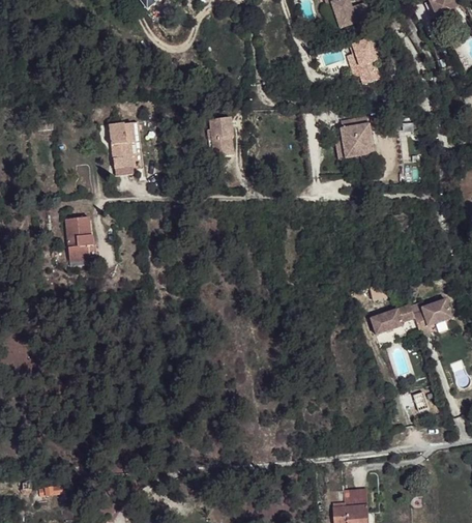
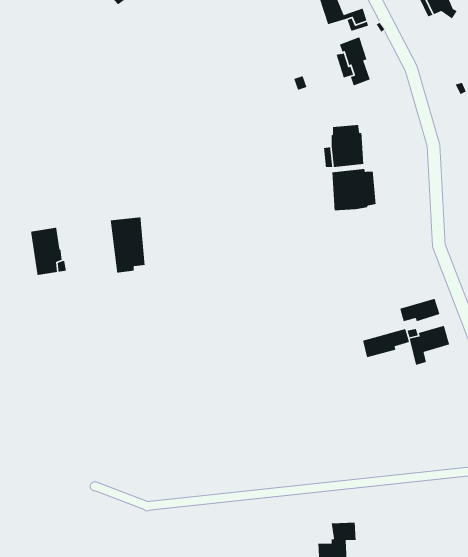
building: [207,114,232,154] -> none
building: [108,120,141,173] -> [110,217,146,273]
building: none -> [331,168,376,211]
building: none -> [399,298,440,322]

